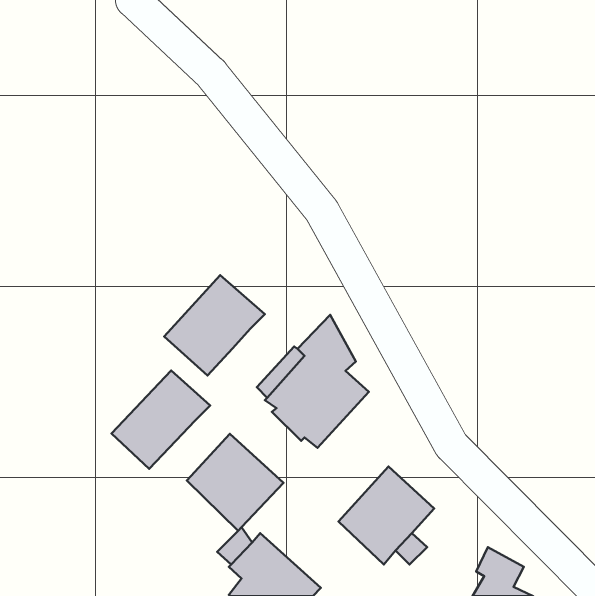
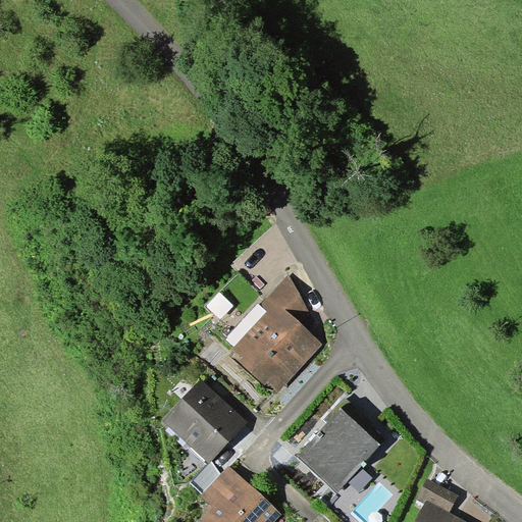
building: [164,275,265,376] -> none
building: [111,370,210,469] -> none

